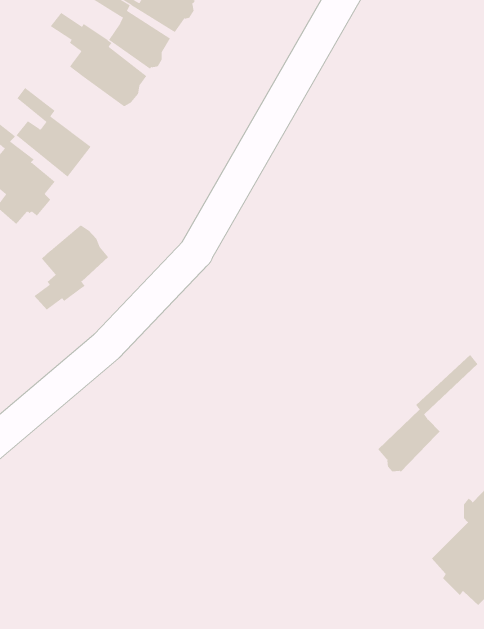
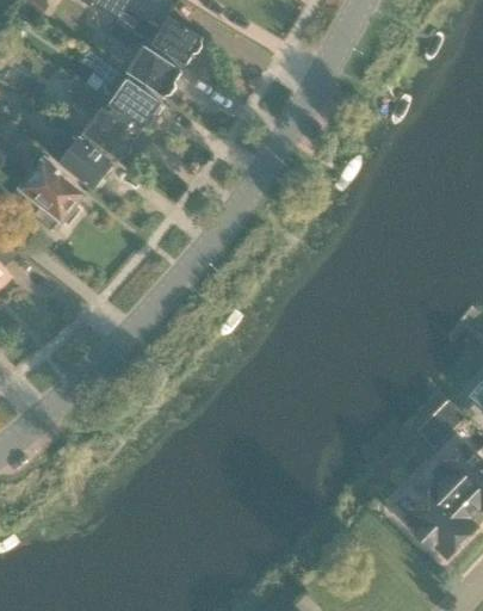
building: none -> [67,74,141,159]
building: [34,225,109,311] -> none
building: [378,354,478,472] -> none

